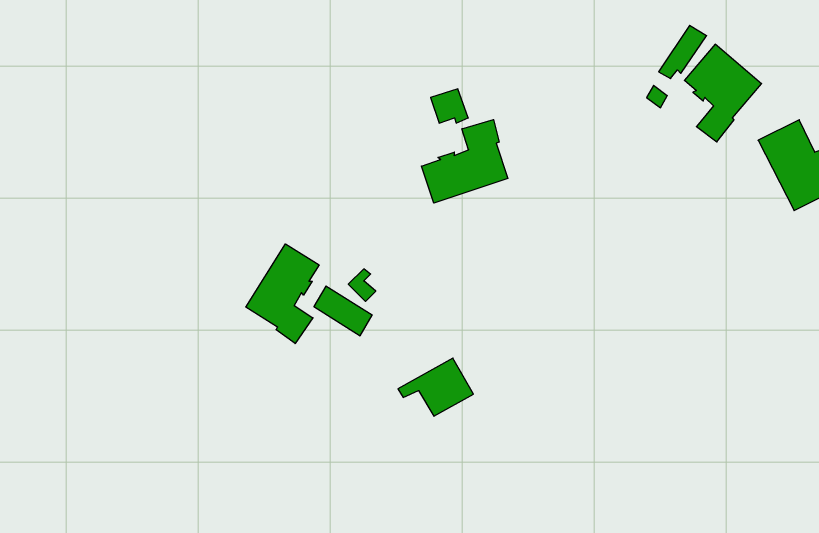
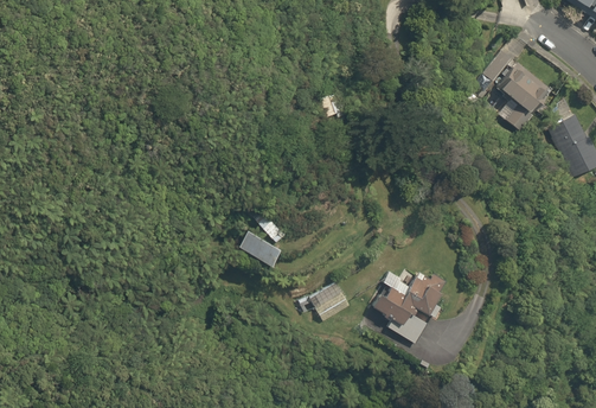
building: [421,120,508,203] -> none
building: [246,244,319,344] -> none
building: none -> [372,272,448,344]

